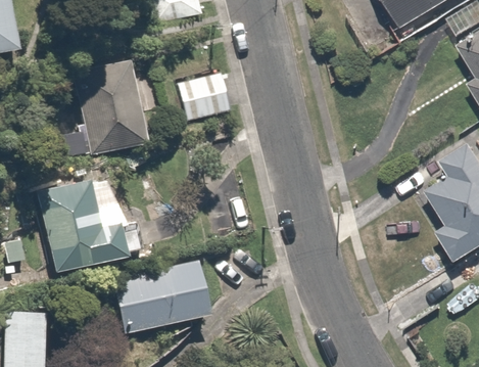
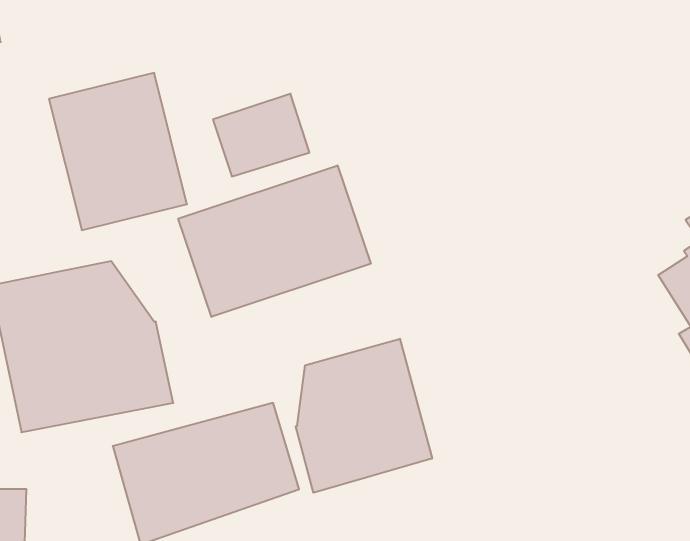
building: none -> [178,165,371,317]
building: none -> [296,339,432,493]

